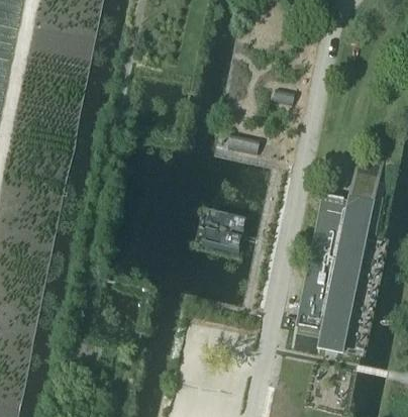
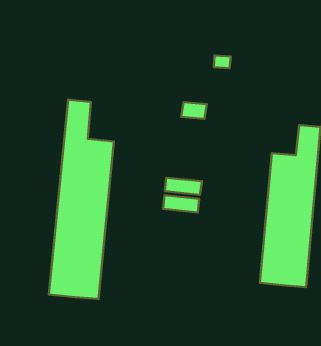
building: none -> [49,99,114,299]

